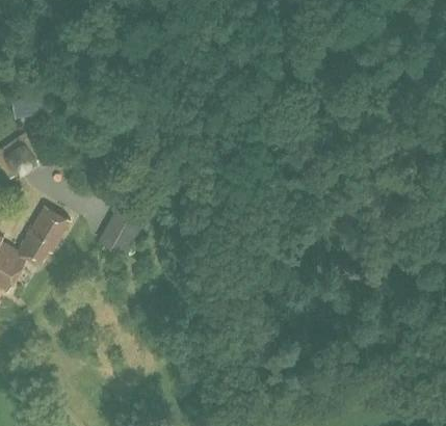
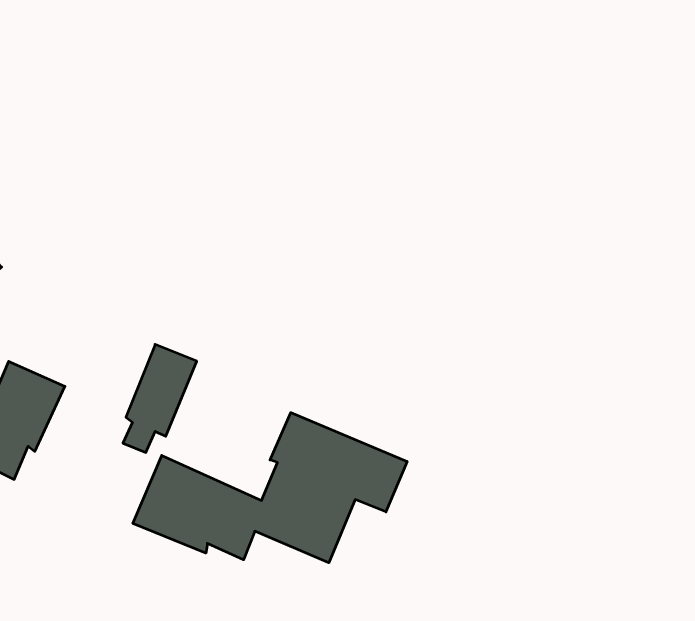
building: none -> [133,413,407,563]

